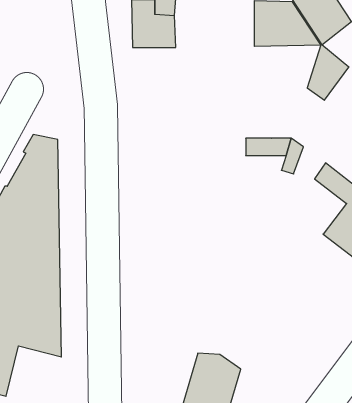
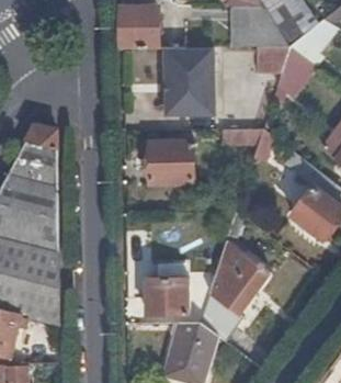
building: none -> [156,59,227,104]
building: none -> [150,142,194,183]
building: none -> [200,250,269,340]
building: none -> [148,278,189,314]

